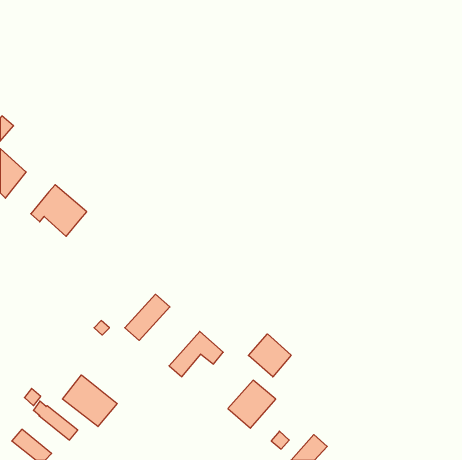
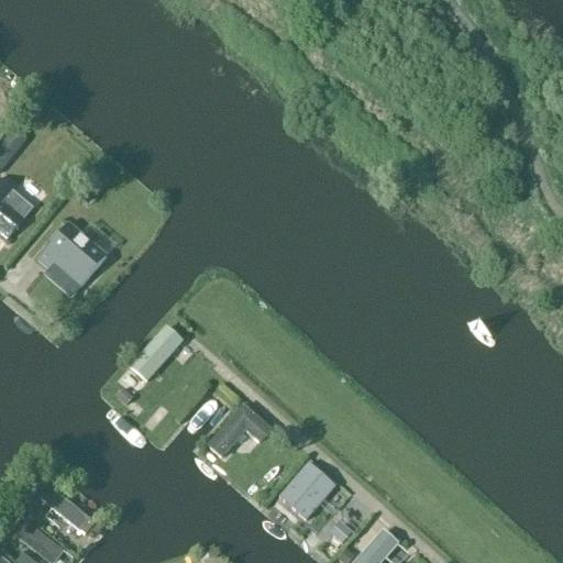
building: [125,294,170,340] -> [128,325,183,382]
building: [248,334,291,377] -> none
building: [62,375,117,427] -> none

